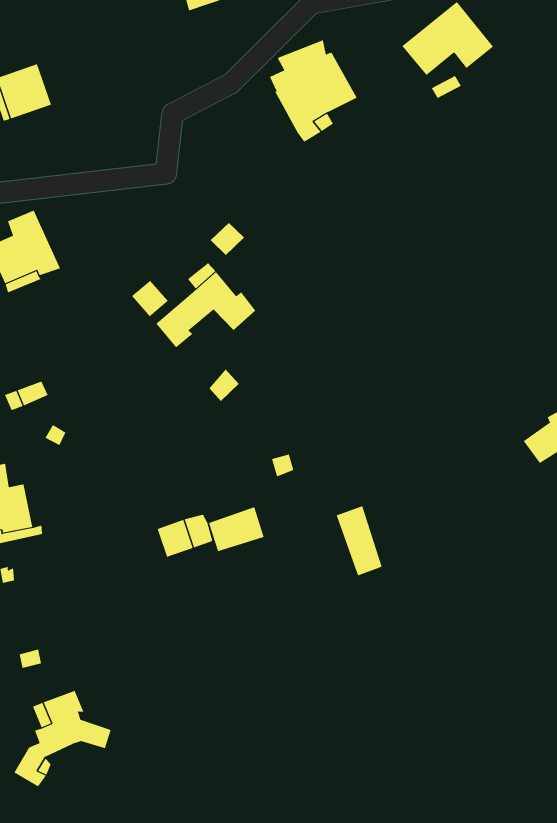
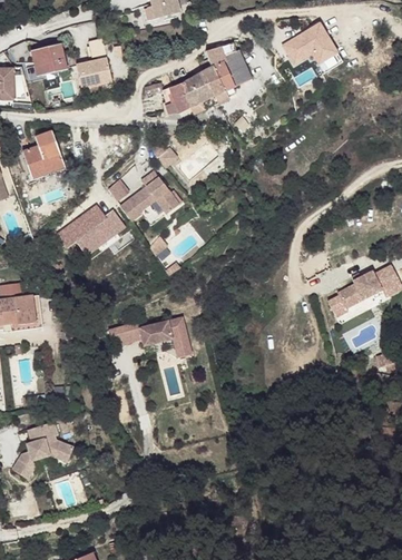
building: none -> [75,53,110,86]
building: none -> [143,70,217,115]
building: none -> [58,207,121,252]
building: [336,506,382,576] -> [170,315,196,357]

